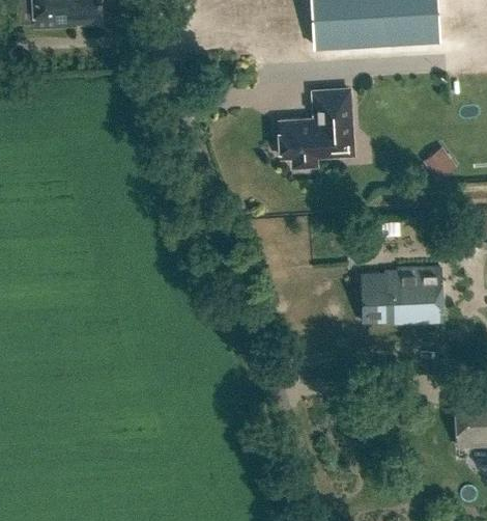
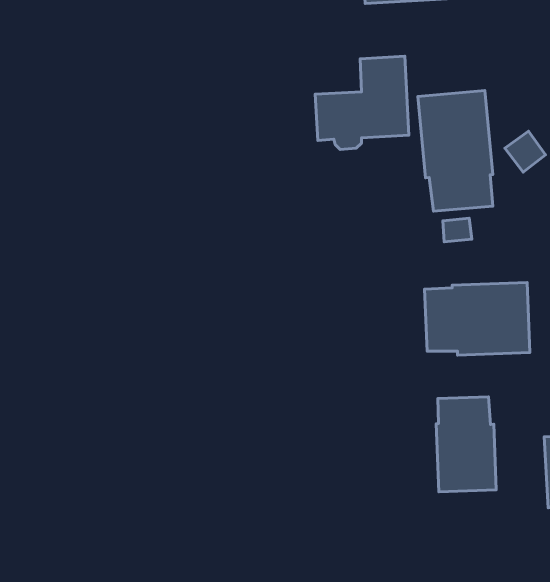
building: none -> [418,90,493,211]
building: none -> [436,397,496,492]

